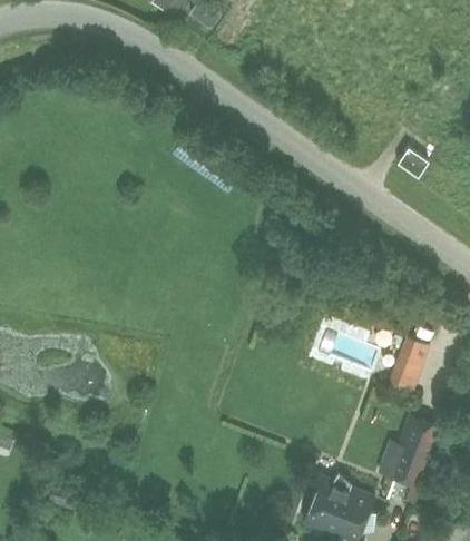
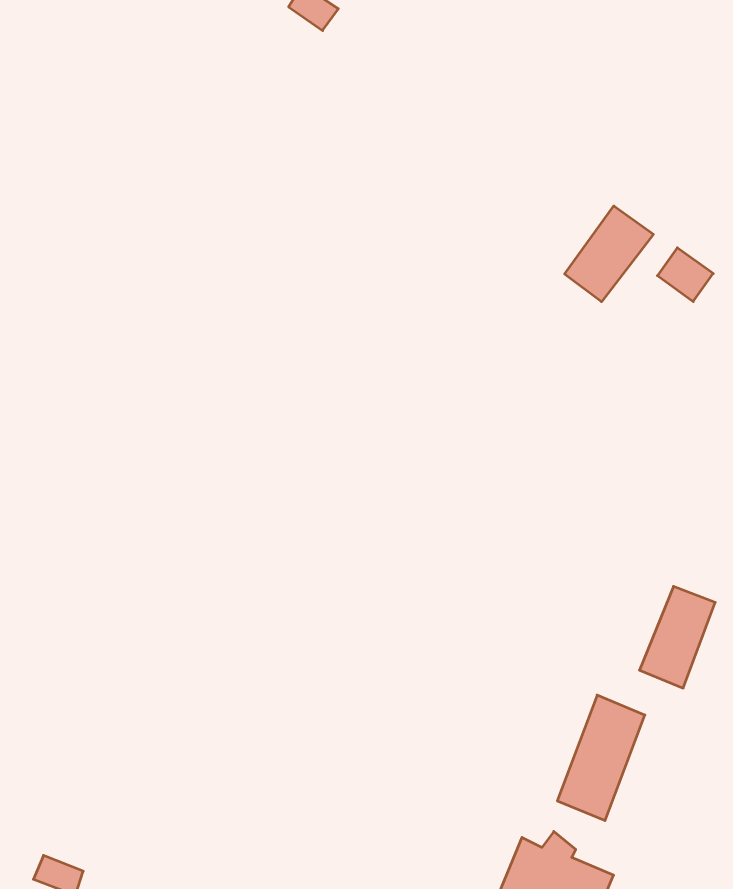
building: none -> [565,206,653,302]
building: [384,416,433,486] -> [557,695,645,821]

